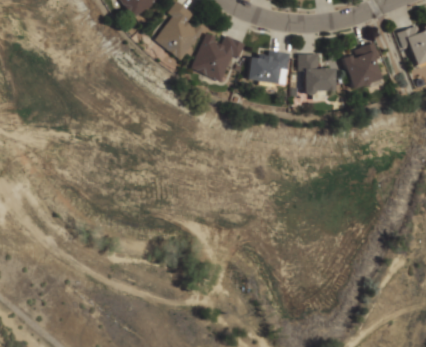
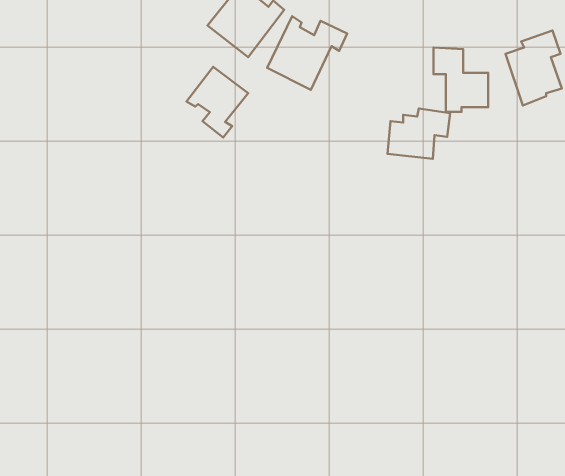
building: [249,50,289,82] -> [387,109,450,159]
building: none -> [187,67,248,137]

